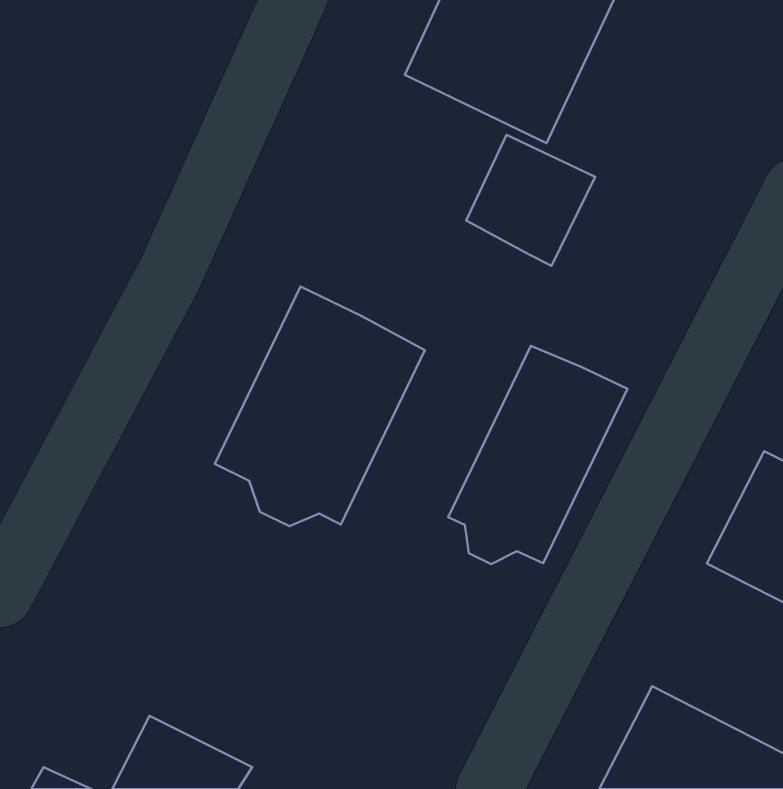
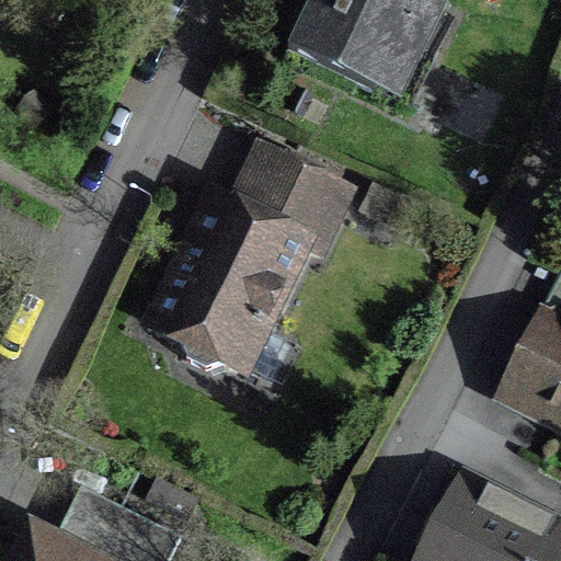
building: [466,135,595,266] -> [263,162,354,254]
building: [448,346,627,564] -> none

